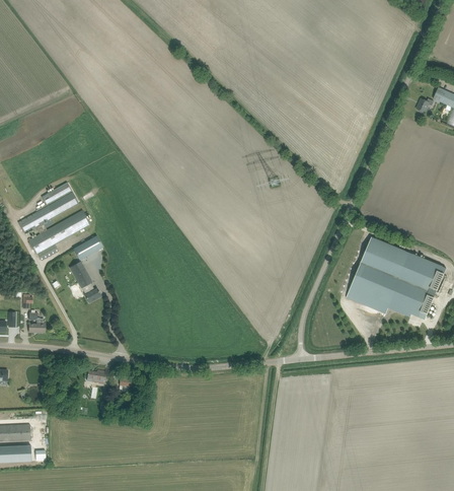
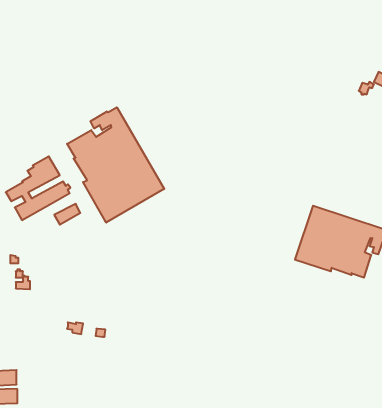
building: none -> [67,107,164,223]
building: [70,261,101,302] -> none

